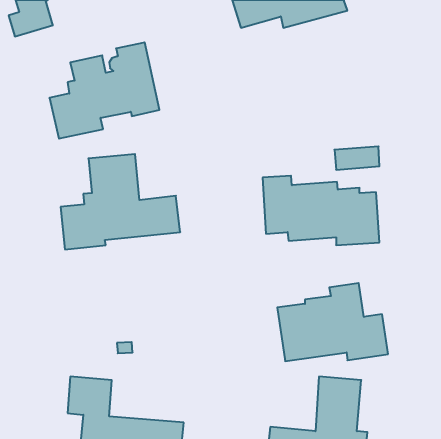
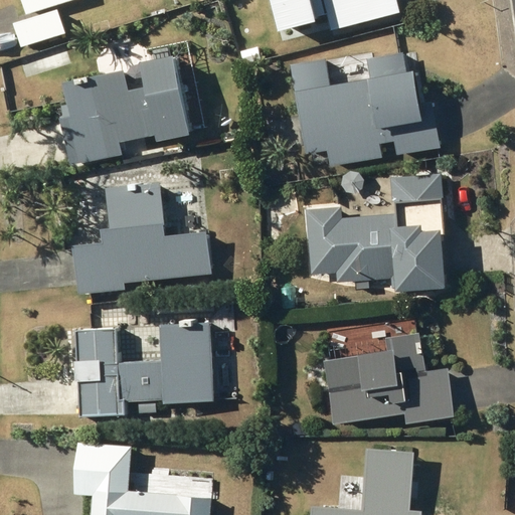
building: none -> [291,53,439,165]
building: none -> [72,322,212,416]

